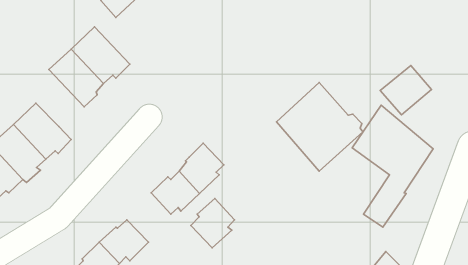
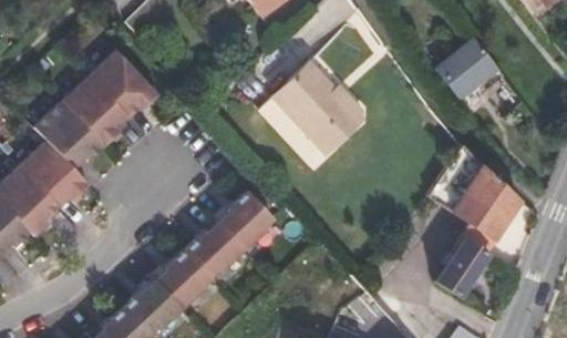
building: [380,65,431,115] -> [440,39,501,98]
building: none -> [39,102,109,170]
building: [276,83,363,171] -> [255,64,358,170]
building: [191,198,235,248] -> [159,248,212,307]

